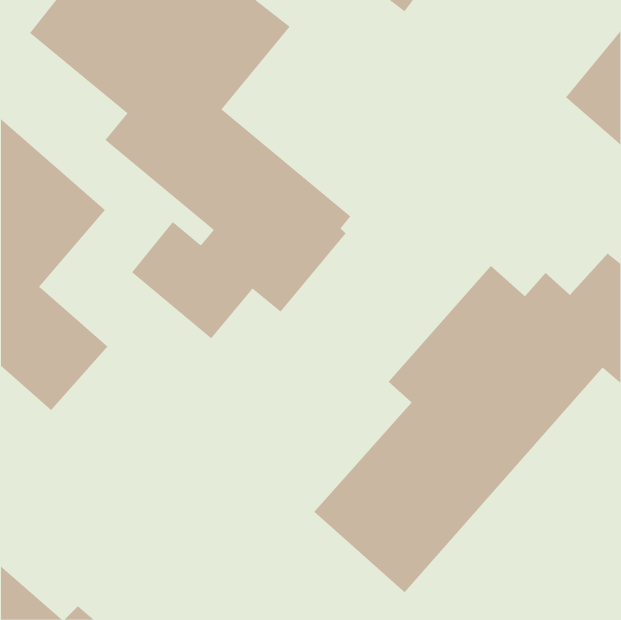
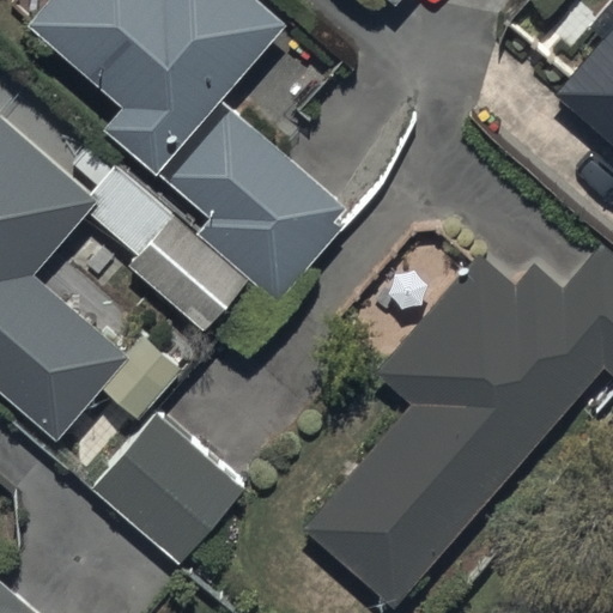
building: none -> [92,390,243,539]

